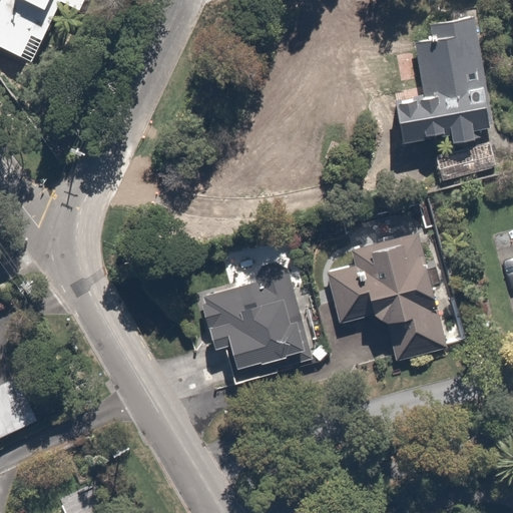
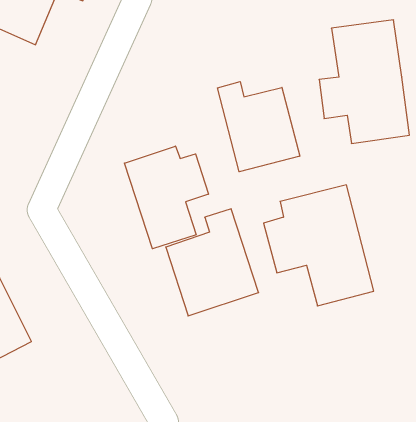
building: none -> [217,82,300,172]
building: none -> [124,146,208,249]

